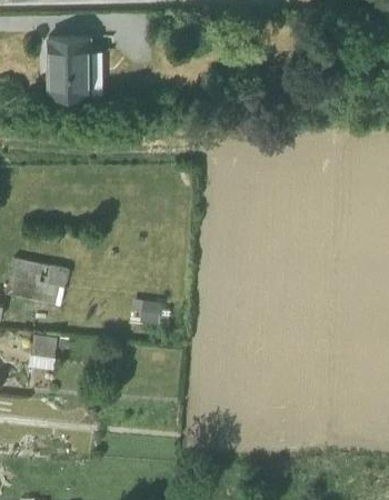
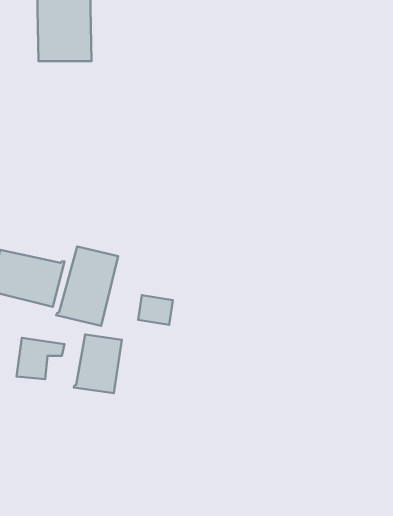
building: none -> [56,246,118,326]
building: none -> [74,335,122,393]

